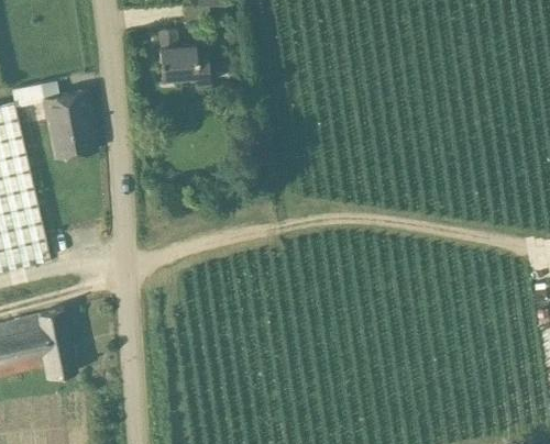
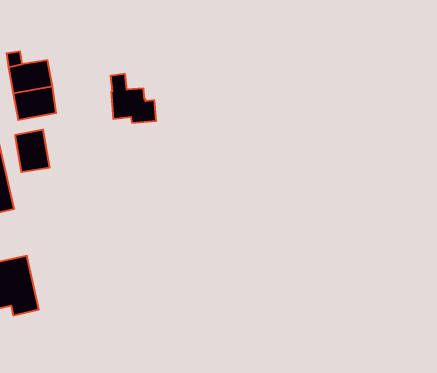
building: [157,29,209,84] -> [110,74,156,123]
building: none -> [15,129,50,172]

